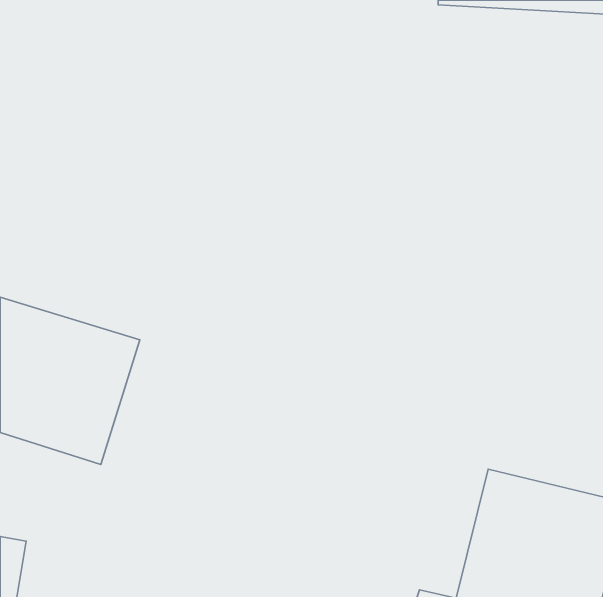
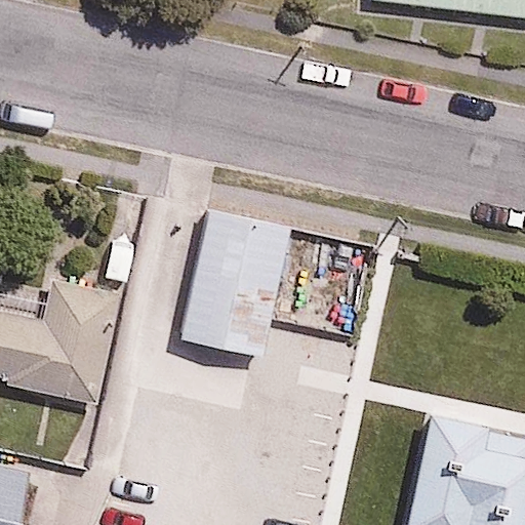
building: none -> [187,216,286,357]

